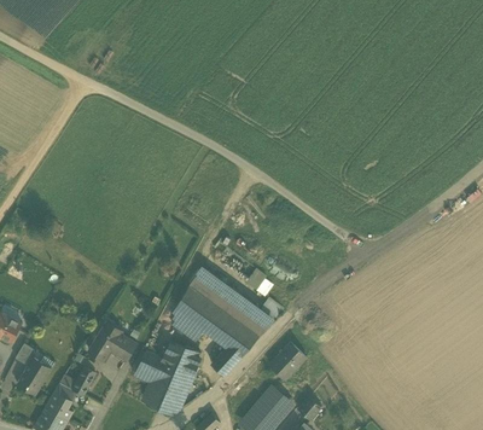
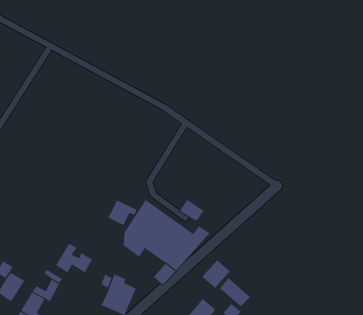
building: none -> [108,200,137,226]
building: [162,341,199,378] -> none
building: none -> [219,277,251,307]

